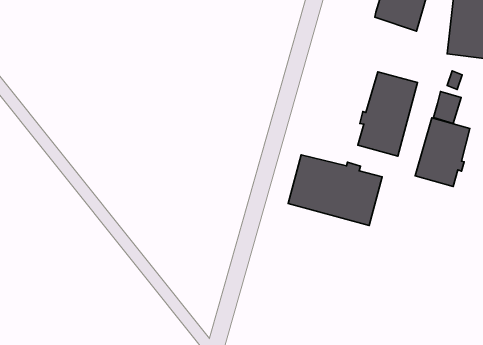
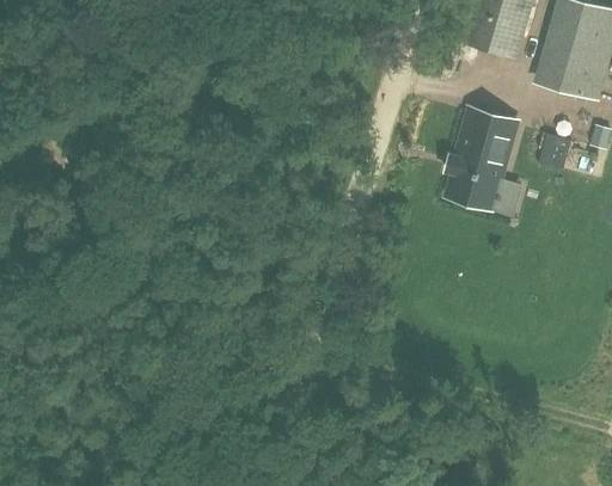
building: [415,118,470,187] -> none
building: [288,155,382,226] -> none

